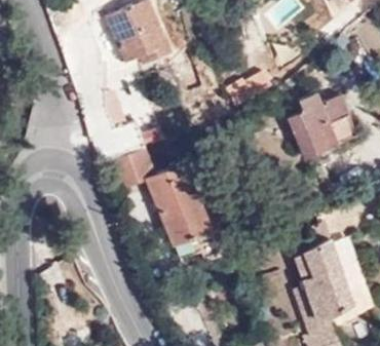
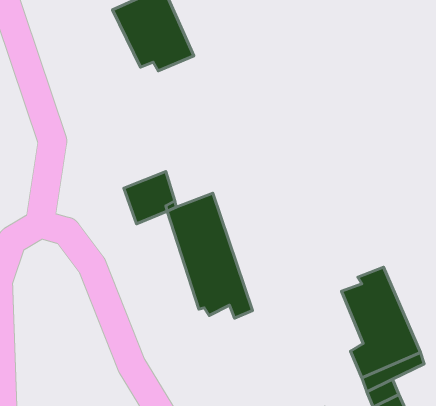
building: [290,87,359,154] -> none

